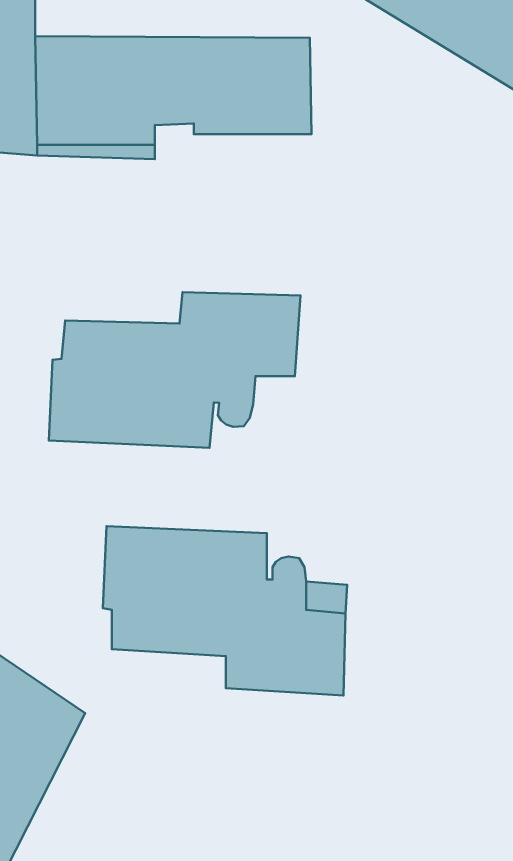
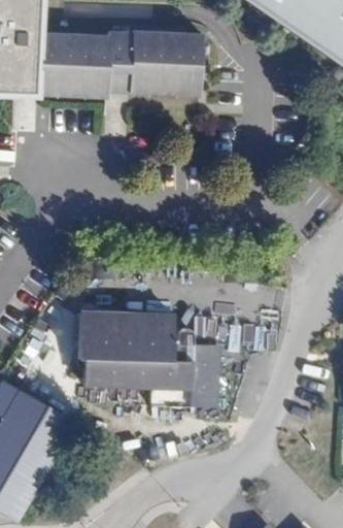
building: [49,292,300,448] -> none

